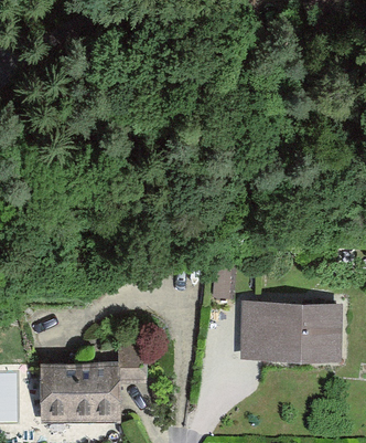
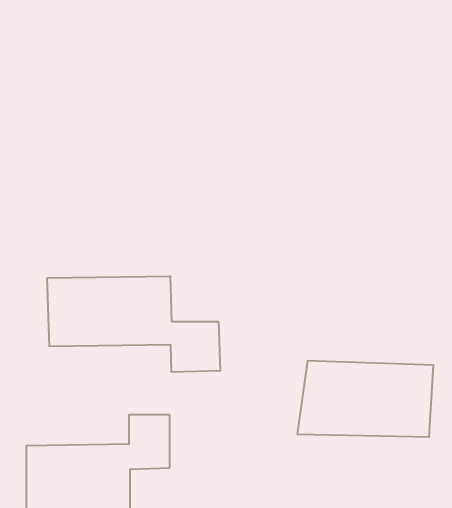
building: none -> [47,276,220,372]

